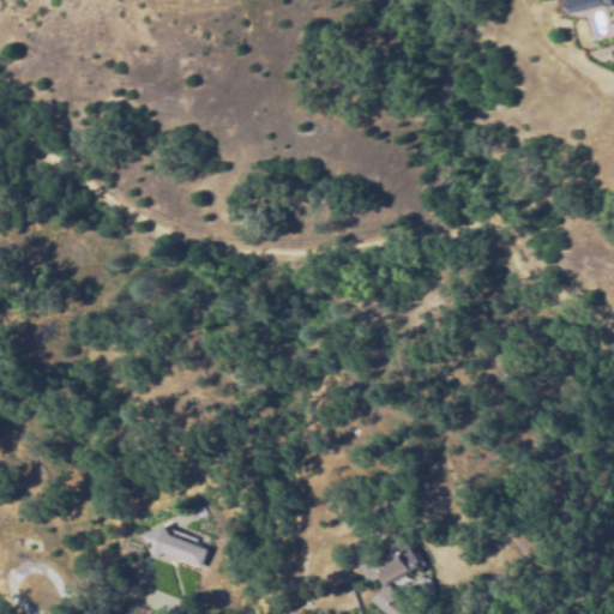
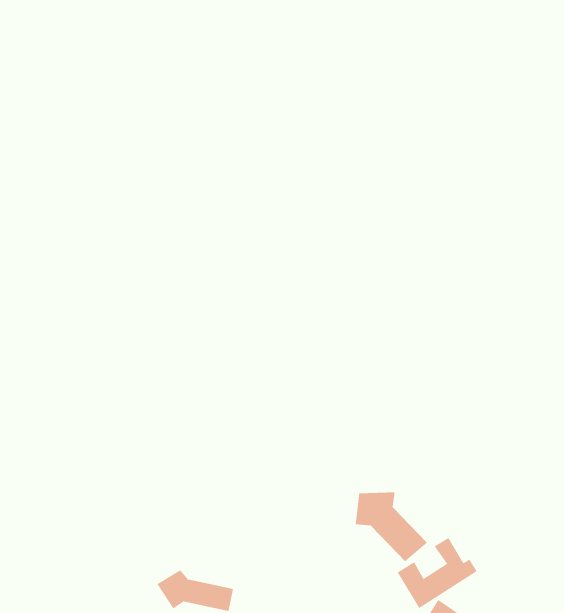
building: none -> [355,492,428,562]

